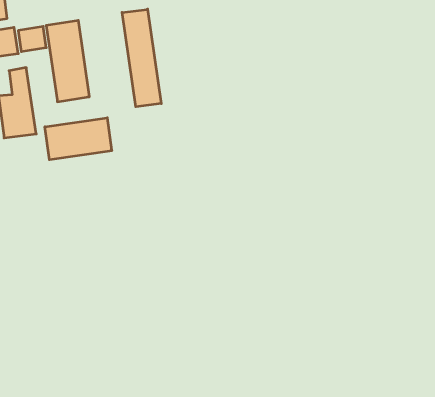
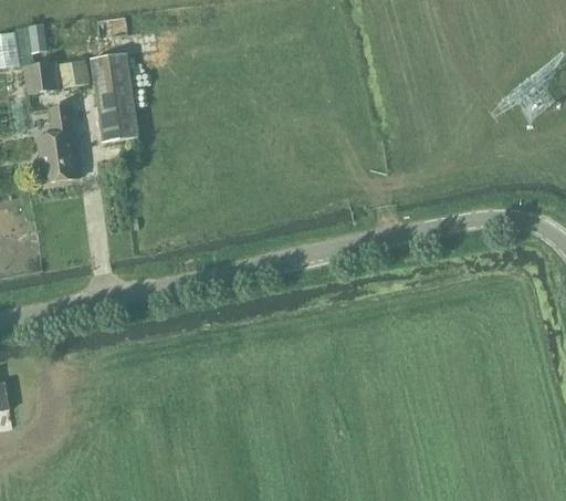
building: [122,9,161,107] -> none
building: [45,118,112,160] -> none

